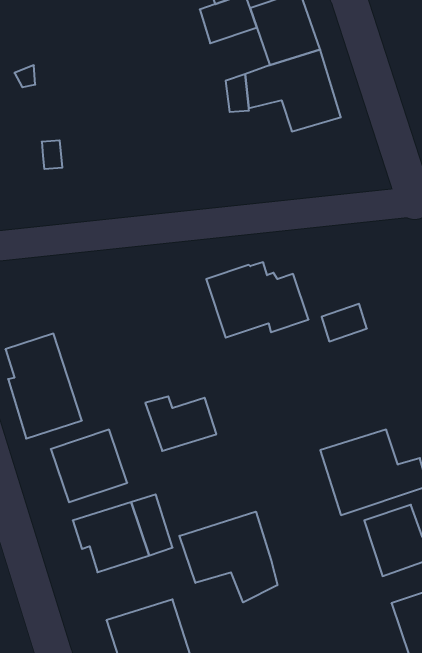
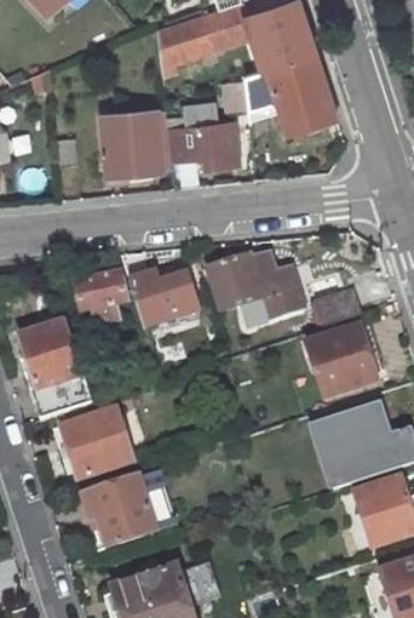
building: none -> [154,12,212,68]
building: none -> [165,101,237,164]
building: none -> [103,130,159,171]
building: none -> [74,273,122,322]
building: none -> [306,326,374,394]
building: [145,396,216,451] -> [128,271,195,322]
building: [179,512,277,602] -> none

